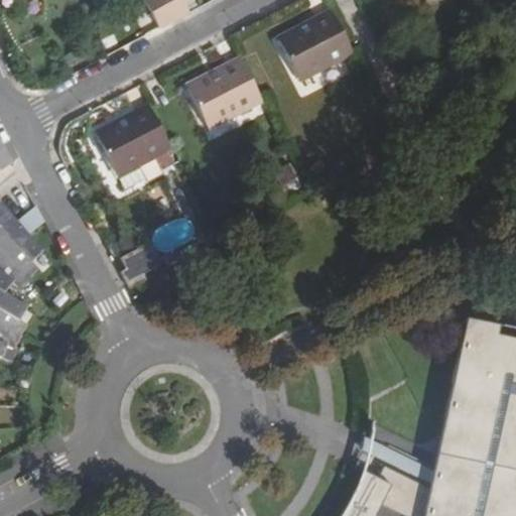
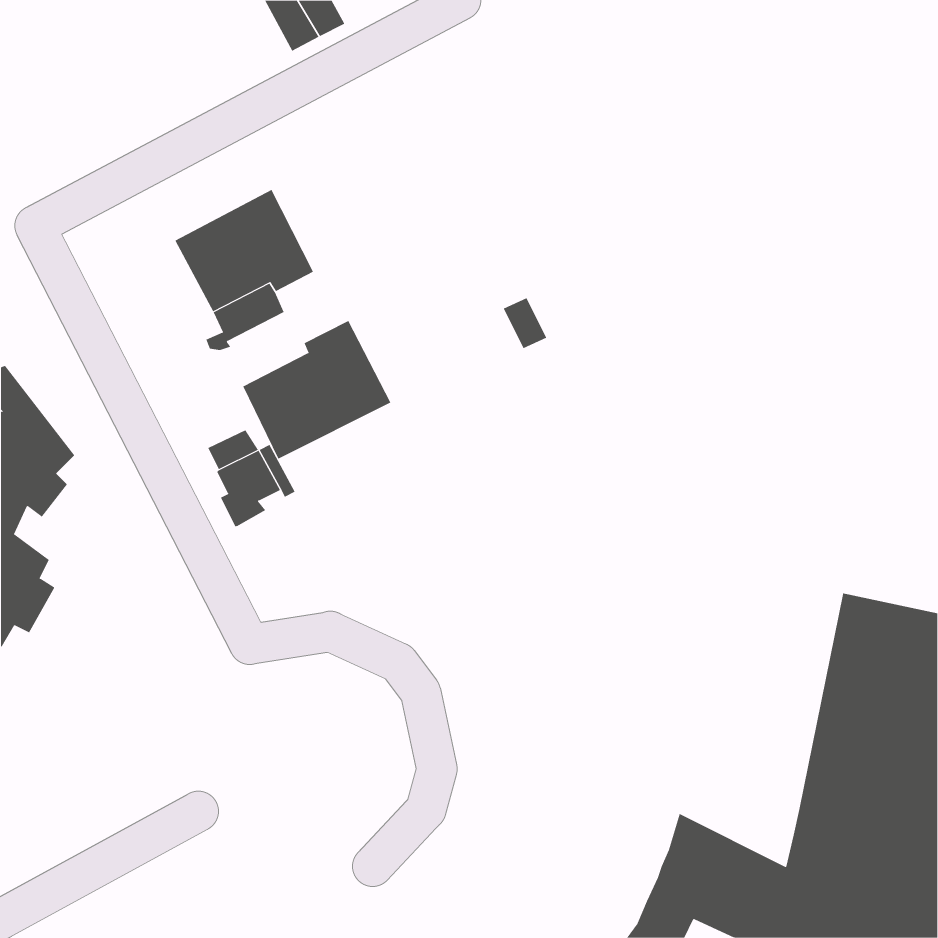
building: [277,10,354,83] -> none
building: [185,56,263,130] -> none
building: none -> [242,320,391,459]

